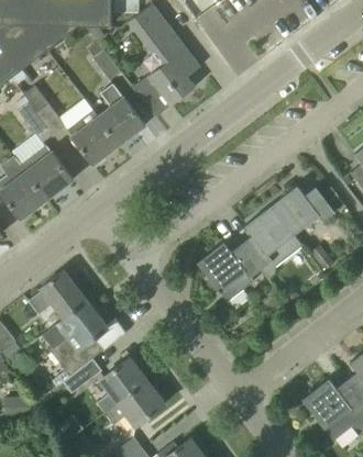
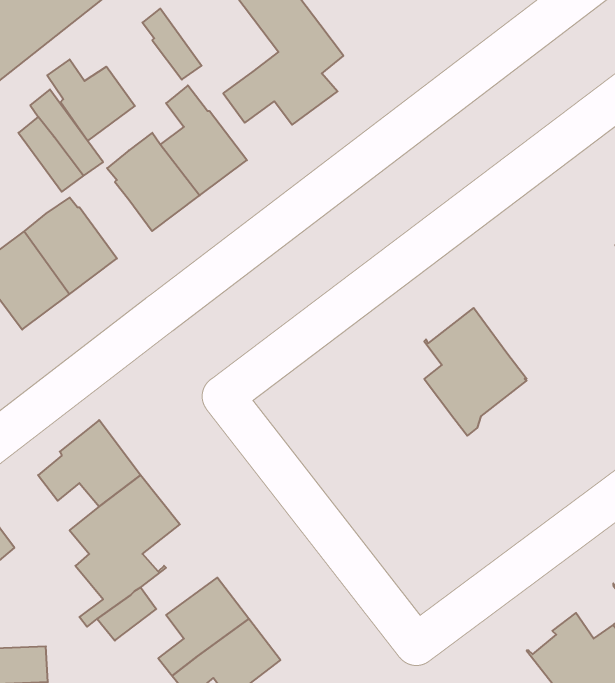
building: none -> [47,59,135,141]
building: [272,186,334,233] -> none
building: [197,242,261,302] -> none

